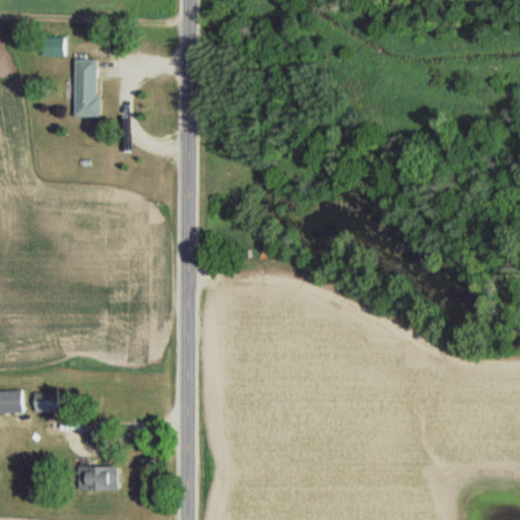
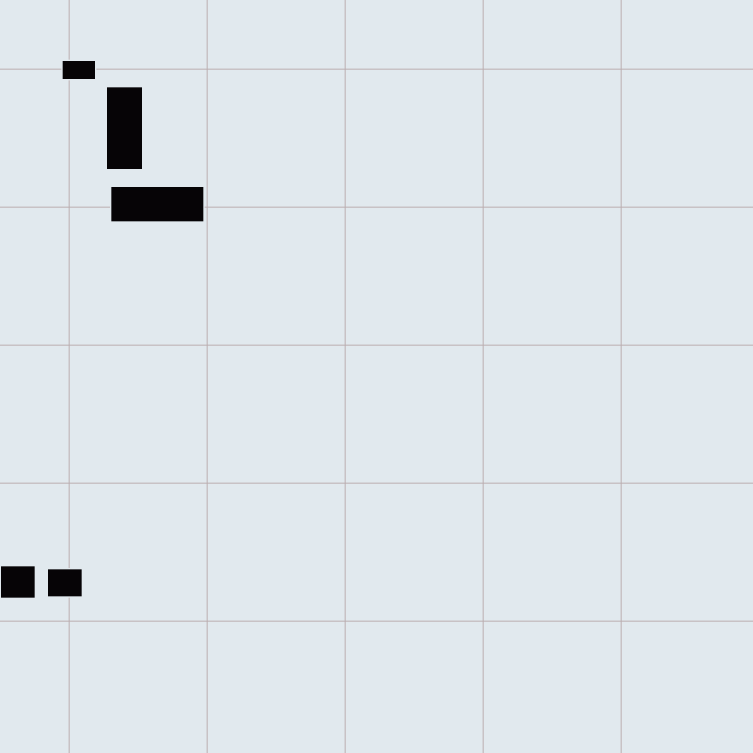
building: none -> [111,186,204,222]
building: [77,465,116,490] -> none

